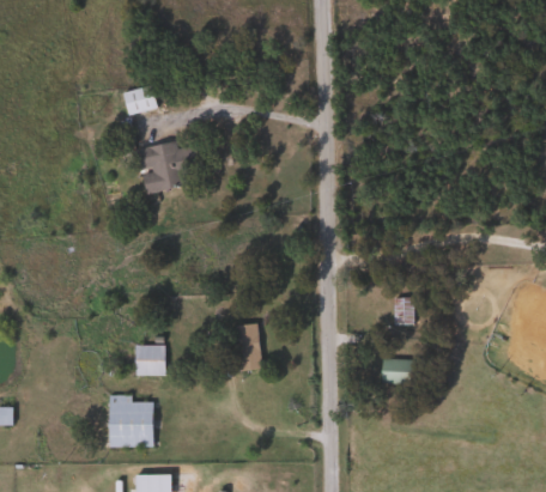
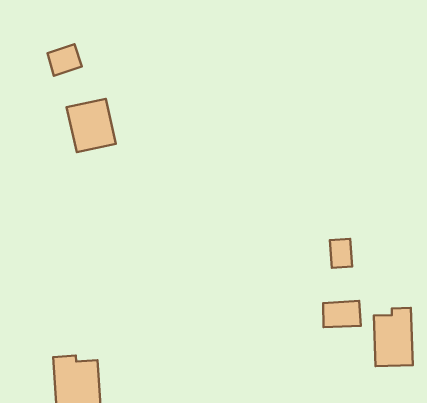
building: [238,323,259,369] -> none
building: [135,345,164,375] -> none
building: none -> [374,308,413,366]

